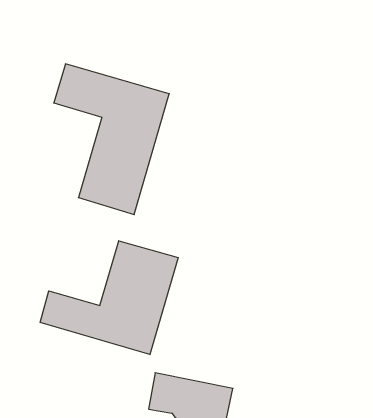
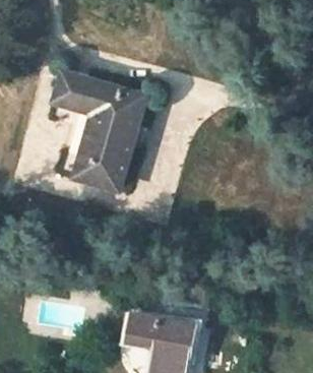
building: [40,241,178,355] -> none

